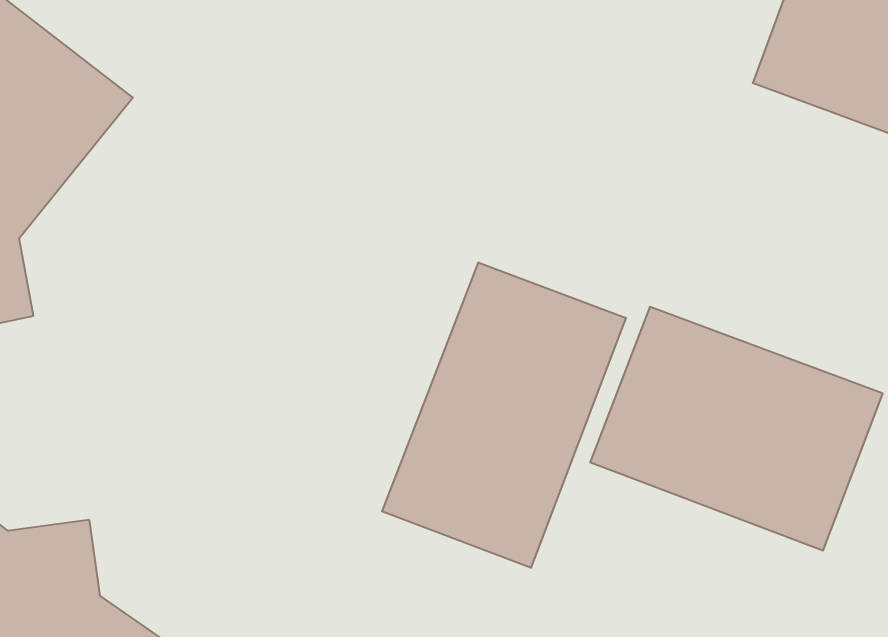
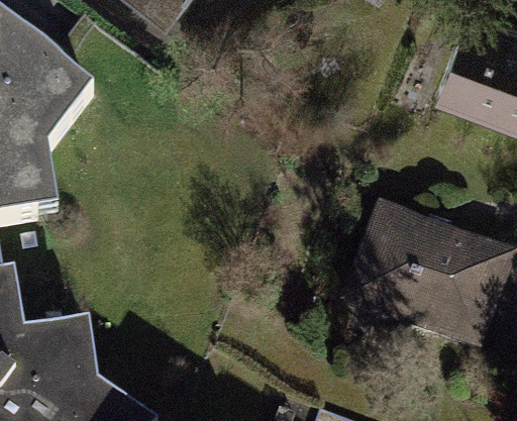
building: [382,262,626,568] -> none

